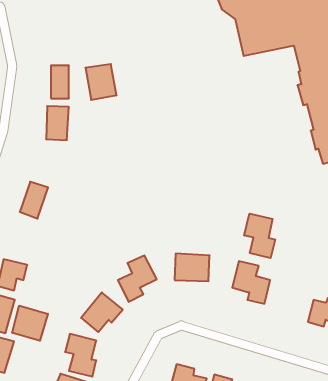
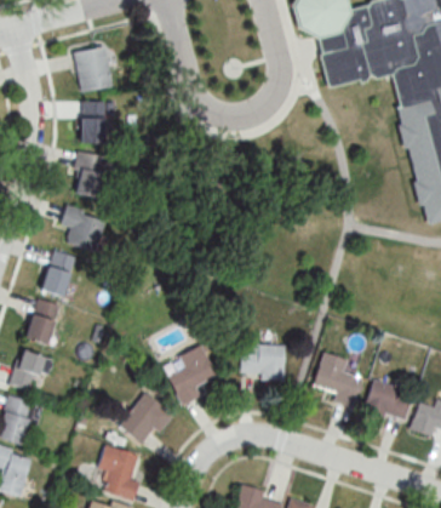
building: [85,64,117,100] -> [74,46,114,92]
building: none -> [61,206,107,251]
building: [244,214,275,258] -> none
building: none -> [25,298,61,344]
building: none -> [366,383,411,418]
building: [12,306,48,341] -> none

